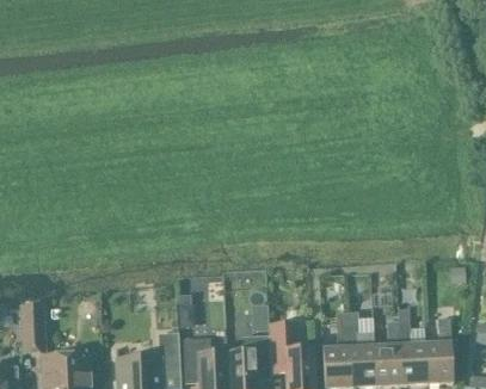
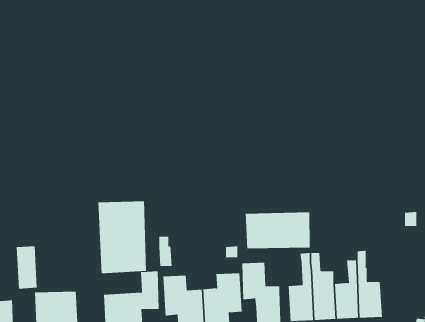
building: none -> [98,200,147,274]
building: none -> [245,211,310,249]
building: [425,316,454,383] -> none

